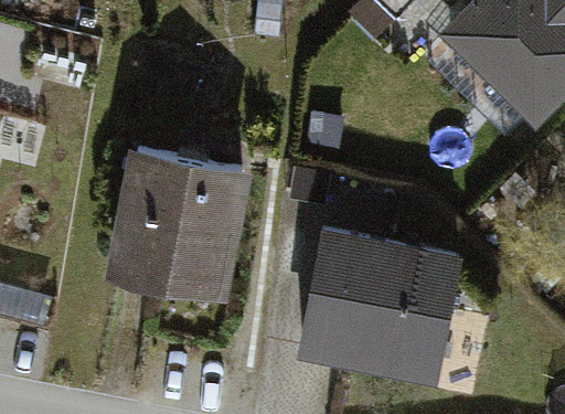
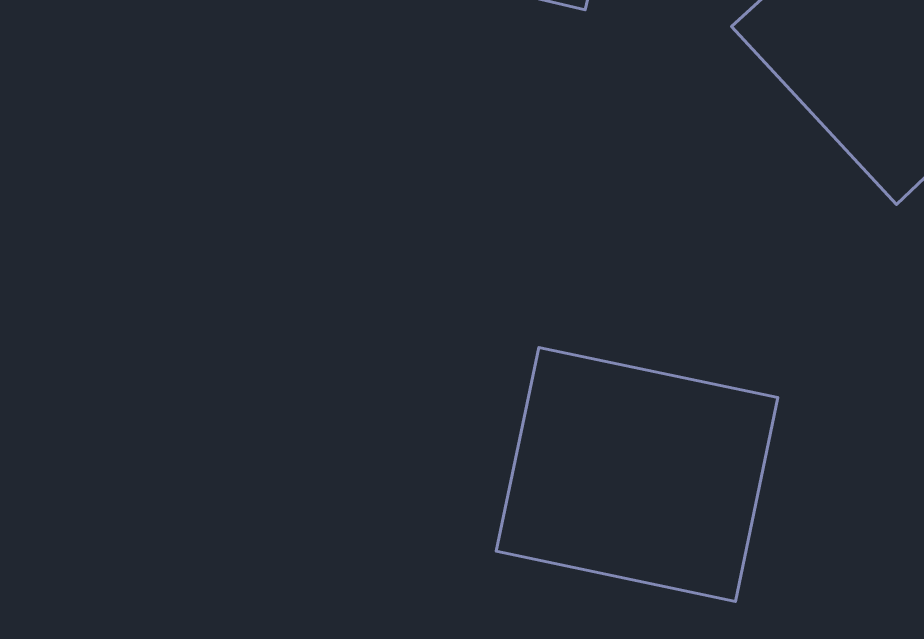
building: [96,153,244,304] -> none

